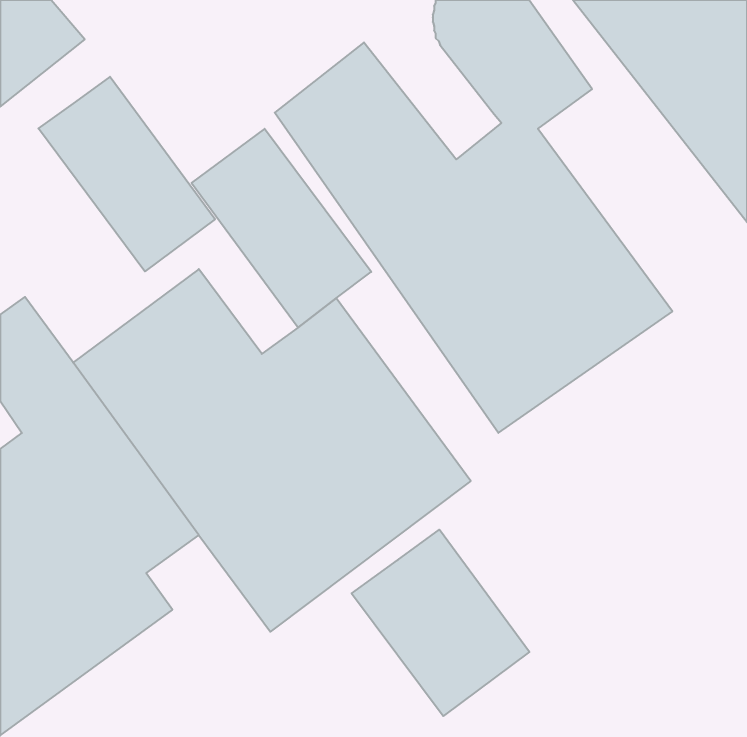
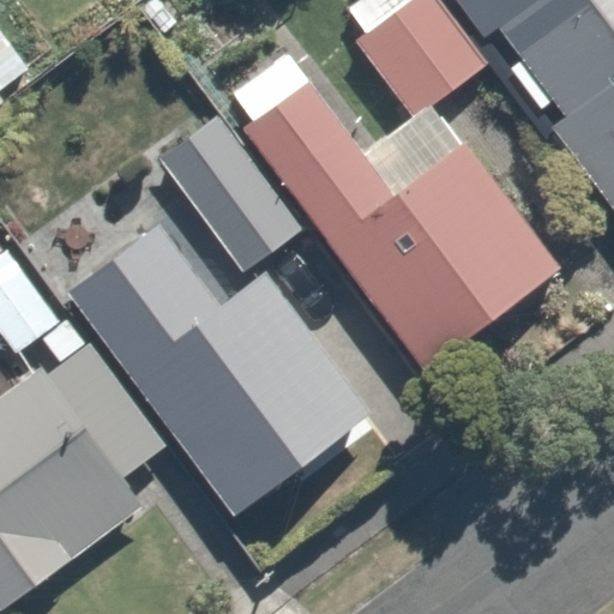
building: [38,77,215,271] -> none
building: [352,530,529,716] -> none

